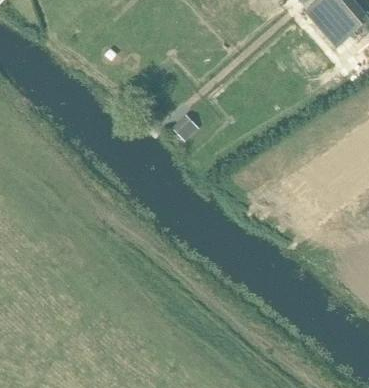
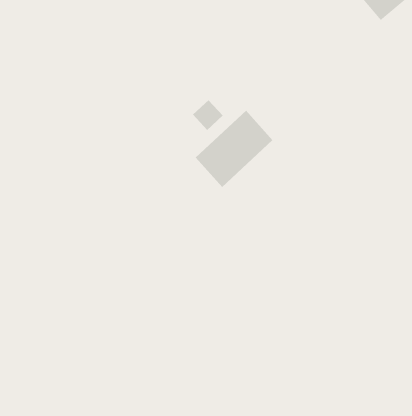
building: none -> [195,110,273,188]

